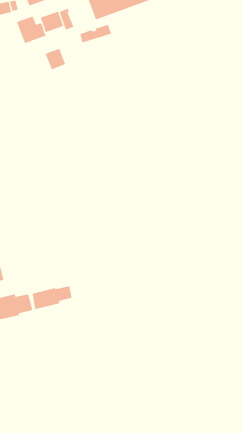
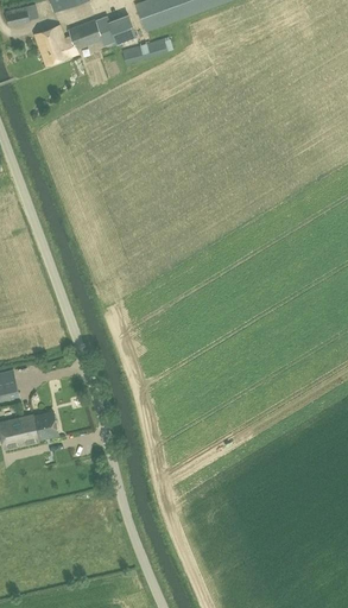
building: [44,48,66,70] -> [105,14,134,45]
building: [32,285,72,310] -> none

